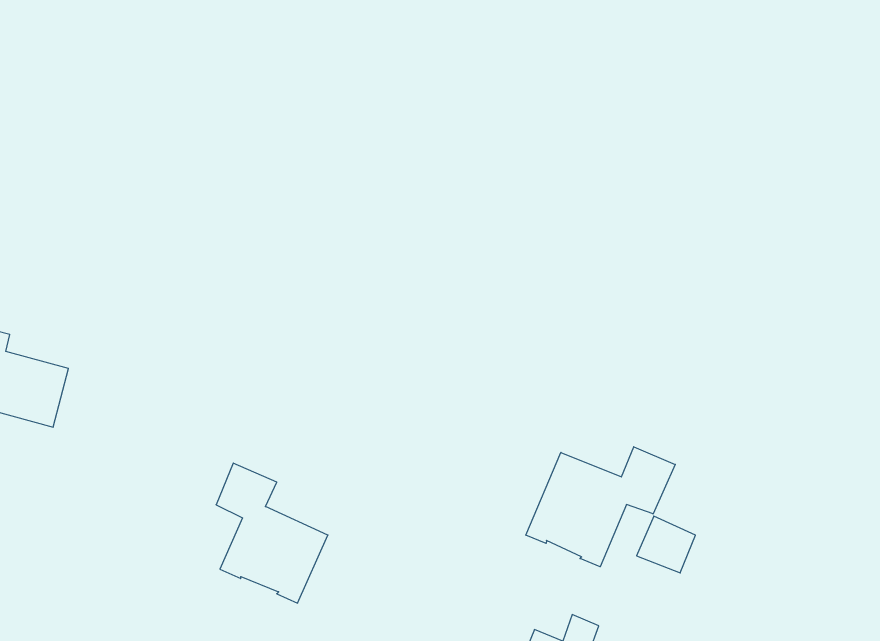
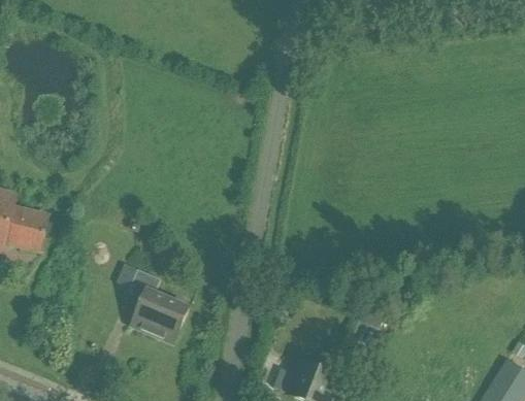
building: [526,447,675,567] -> none

